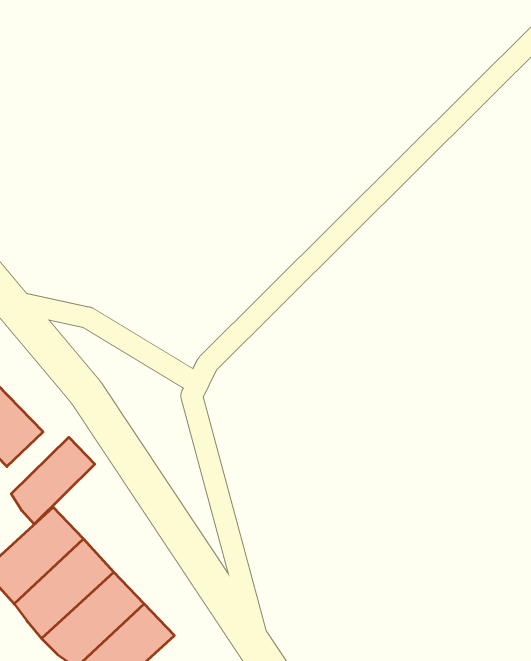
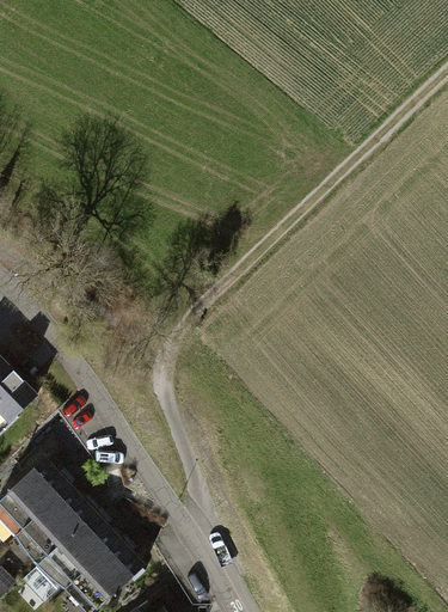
building: [11,437,95,524] -> none

